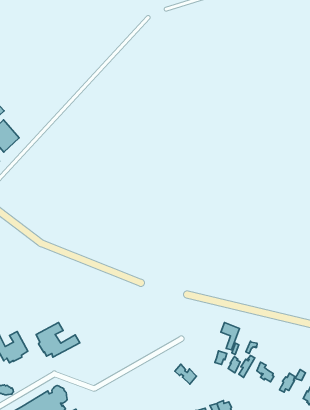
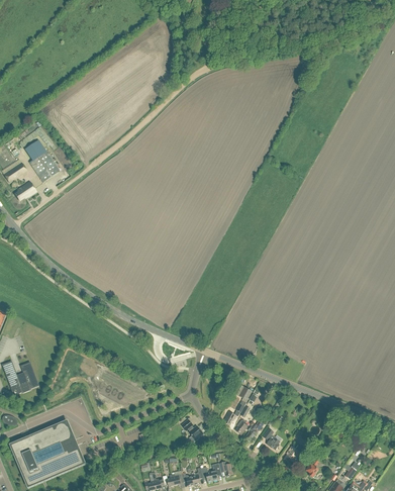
building: [36,322,80,357] -> none

